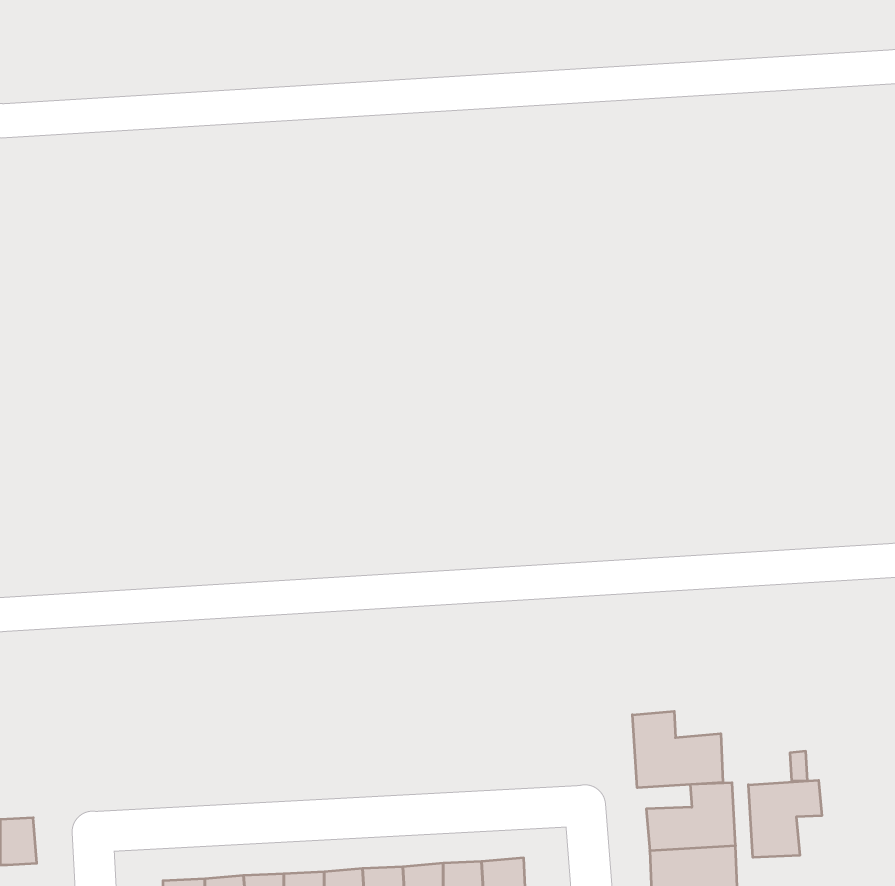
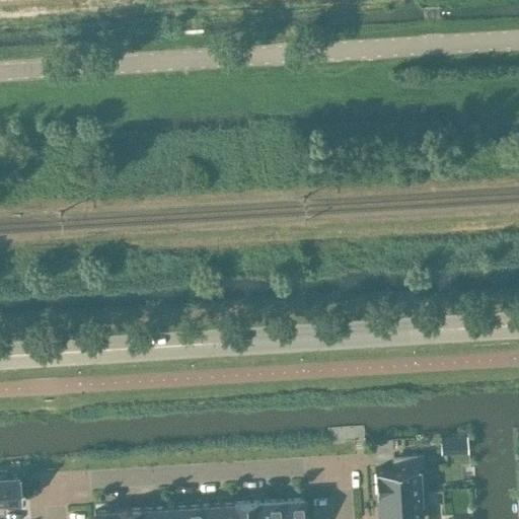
building: [632,711,723,788] -> none
building: [748,780,822,857] -> none

